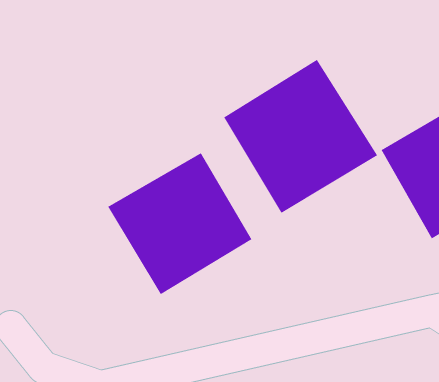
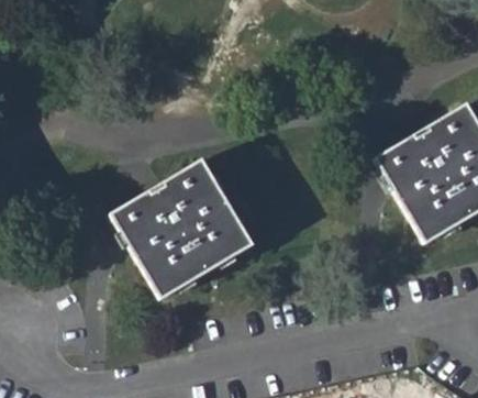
building: [223,59,378,214] -> none

